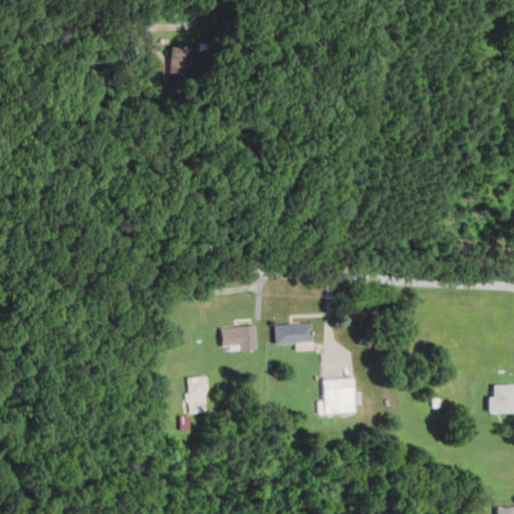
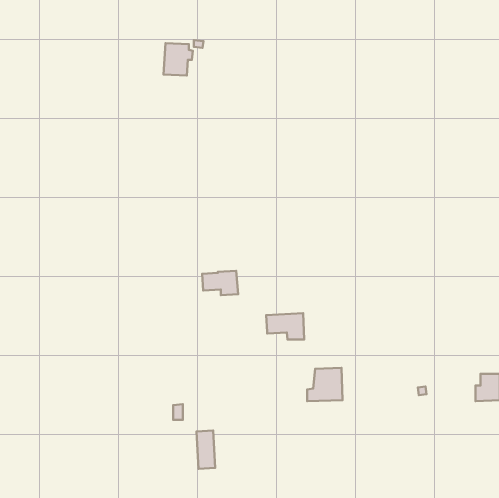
building: [219,325,256,350] -> [202,271,238,295]
building: [187,375,206,415] -> [197,431,215,469]

